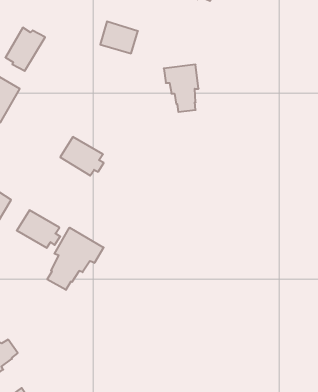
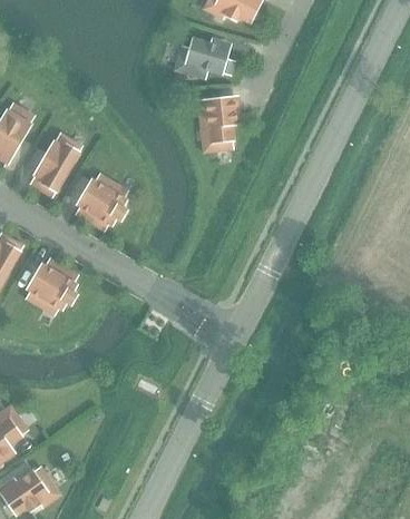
building: [100,21,138,53] -> [185,37,228,74]
building: [5,28,45,71] -> [33,140,79,190]
building: [47,228,104,290] -> none

